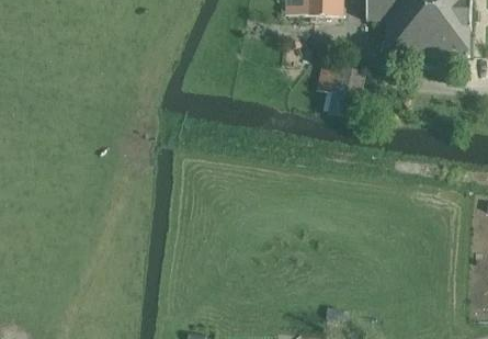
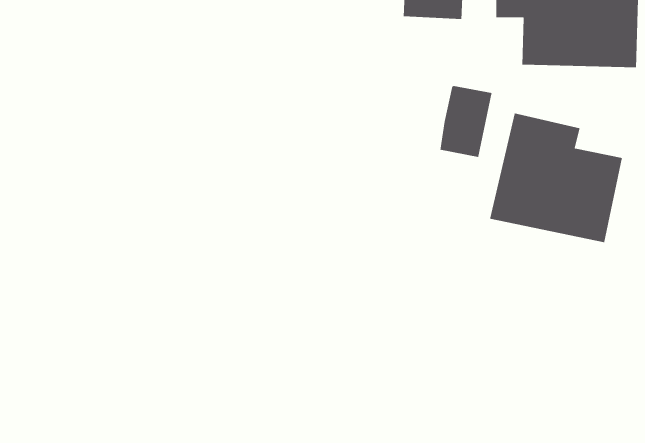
building: none -> [489,112,623,243]

